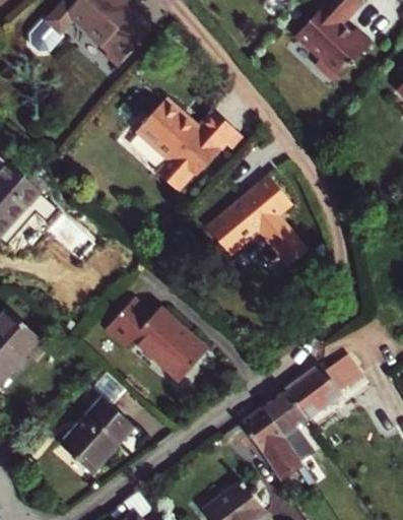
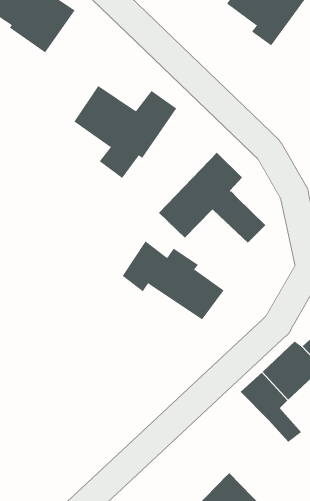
building: [109,298,204,380] -> [122,240,225,320]
building: [65,399,135,473] -> none
building: [240,406,305,481] -> none

